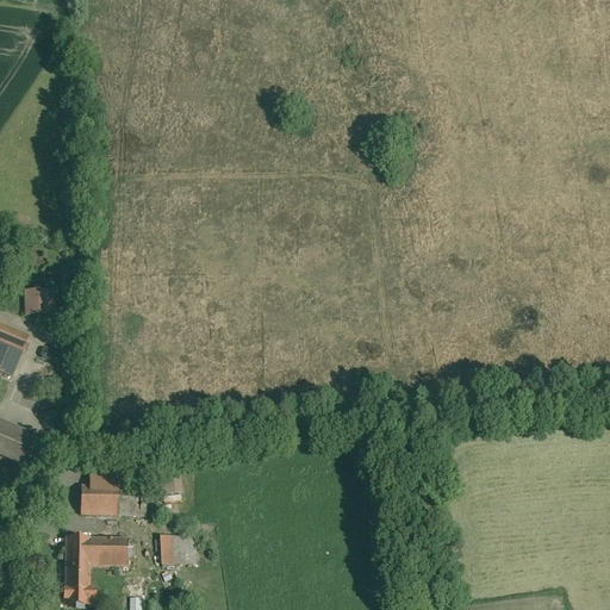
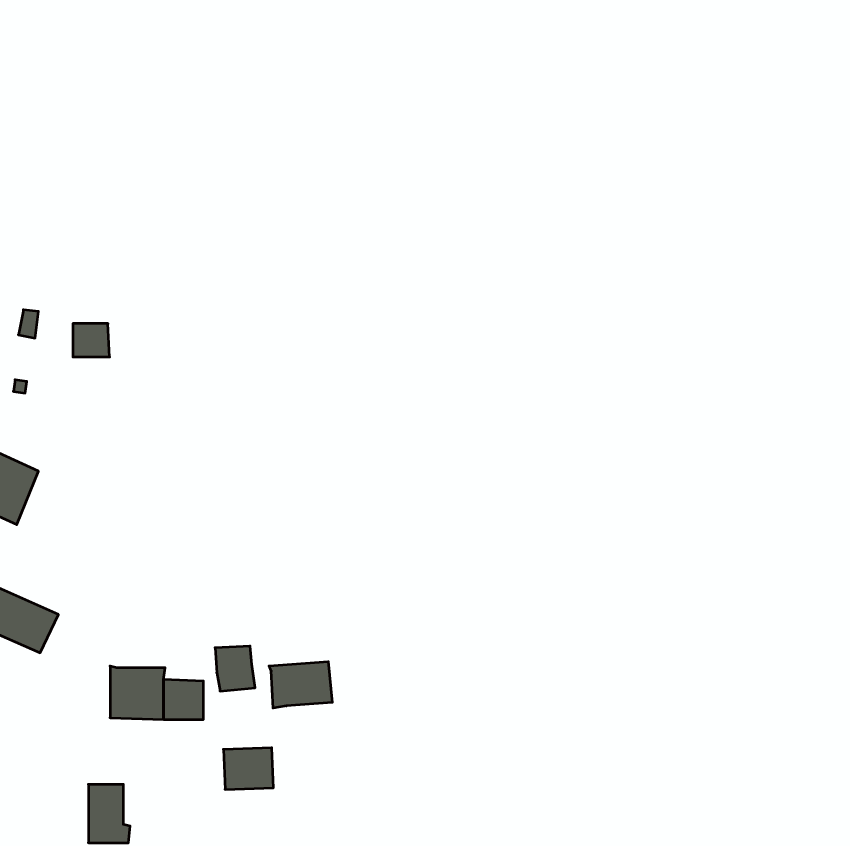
building: [24,290,50,313] -> [73,324,110,357]
building: none -> [269,662,332,708]
building: [63,537,129,566] -> none

